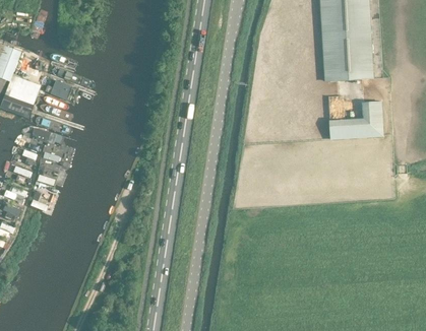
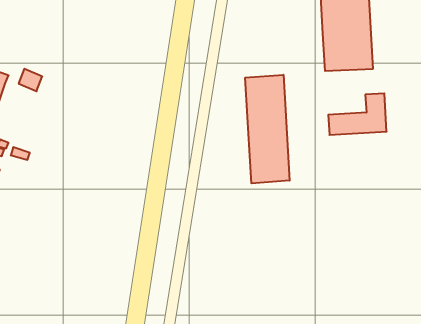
building: none -> [245,75,290,183]

